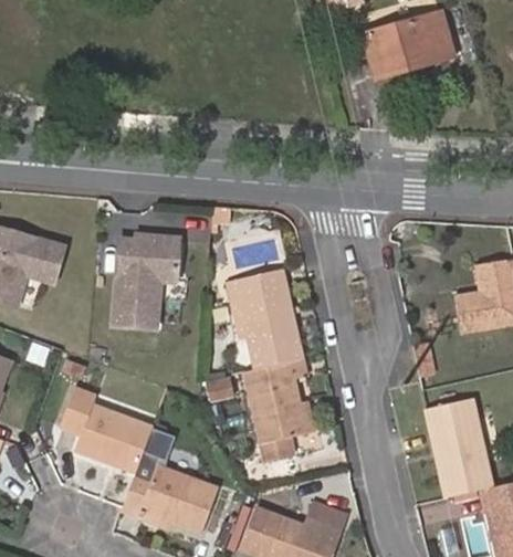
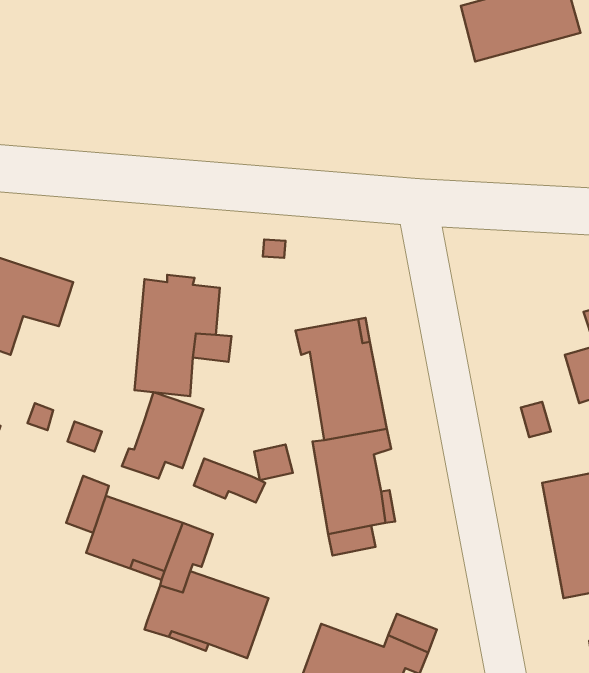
building: none -> [122,392,203,479]
building: none -> [194,458,265,502]

